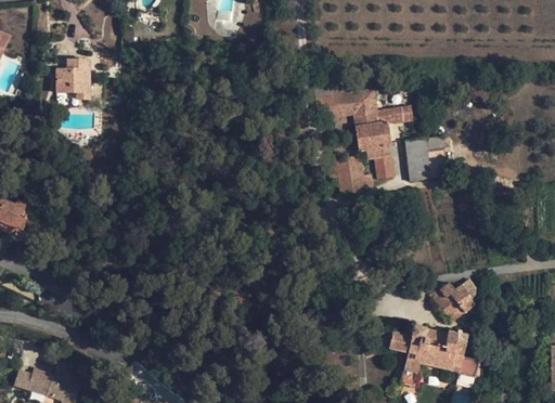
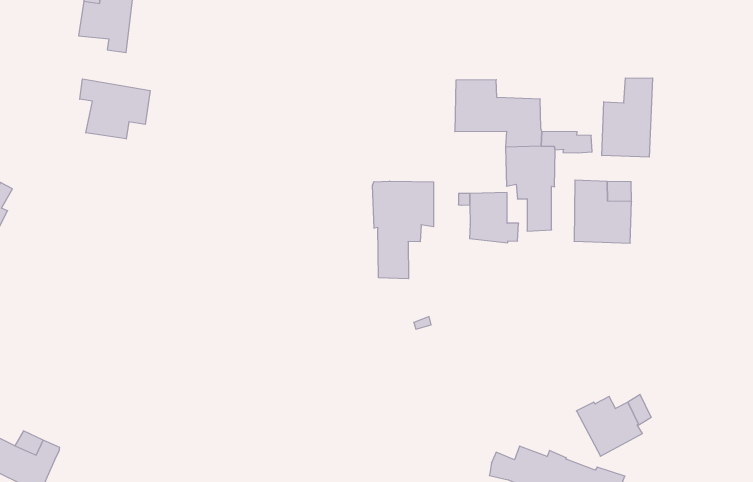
building: none -> [602,78,653,157]
building: none -> [80,79,150,139]
building: none -> [373,181,434,279]

